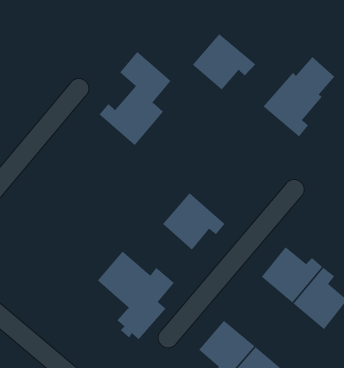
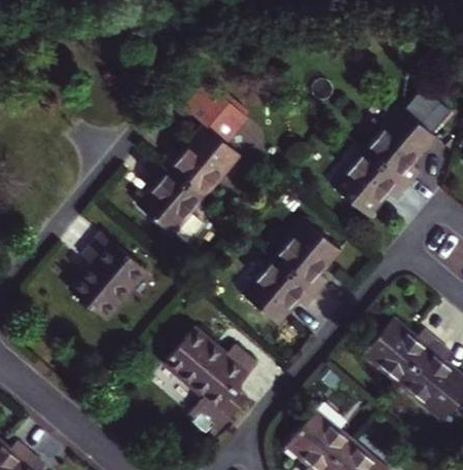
building: [192,33,256,91] -> [330,151,407,220]
building: none -> [142,160,210,236]
building: none -> [276,217,344,292]
building: none -> [75,229,152,318]

